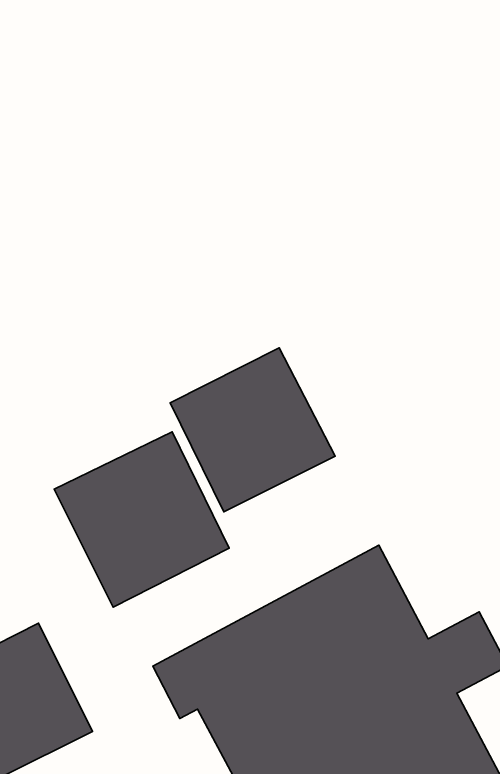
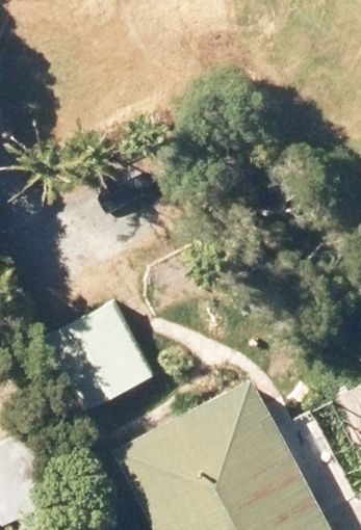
building: [170,348,335,512] -> none

